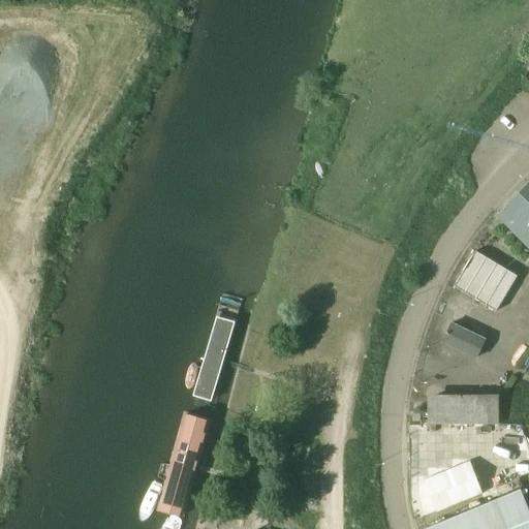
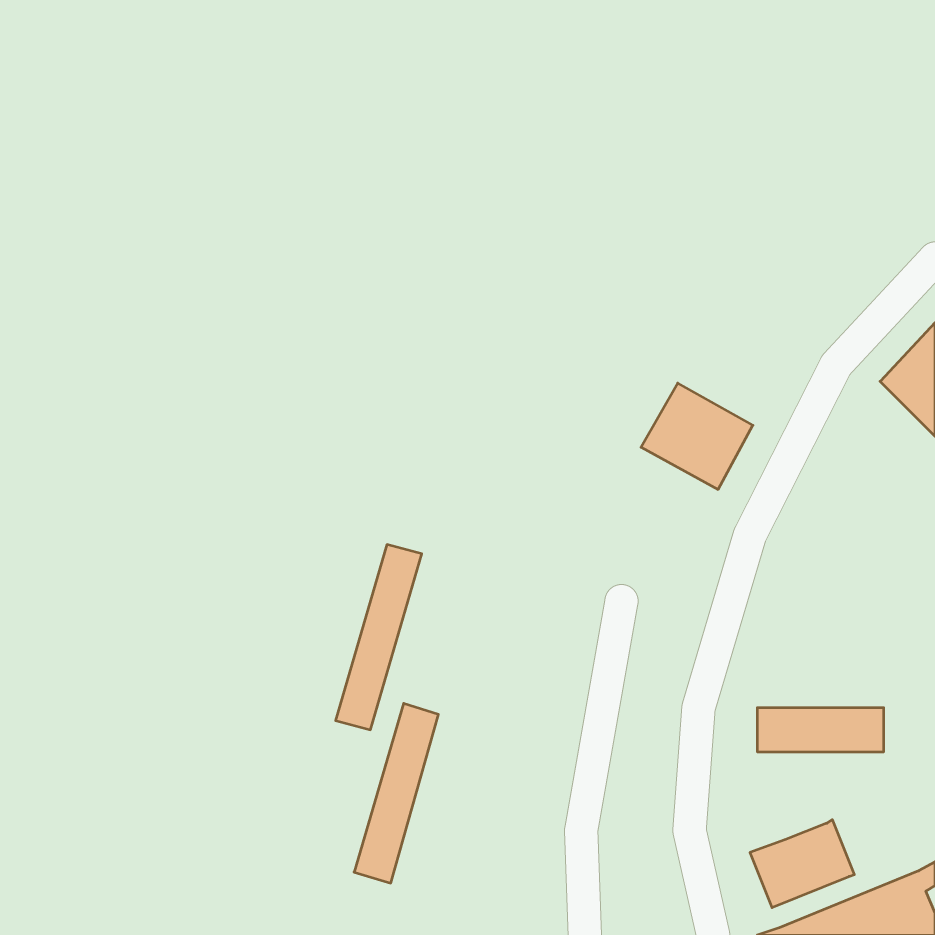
building: [453,249,516,309] -> [641,383,753,489]
building: [441,323,481,357] -> none
building: [161,413,209,515] -> [354,703,438,883]

